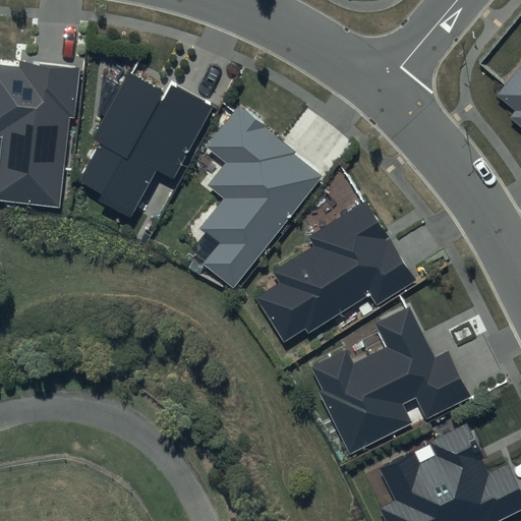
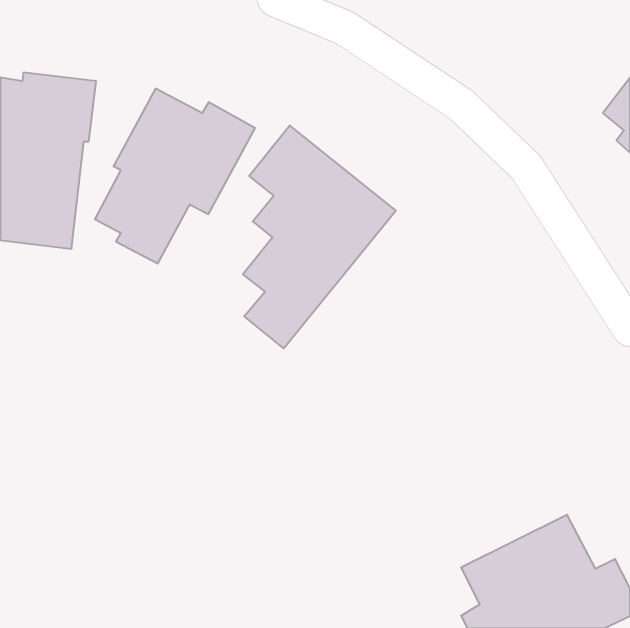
building: [255,201,417,343] -> none
building: [311,305,472,452] -> none

